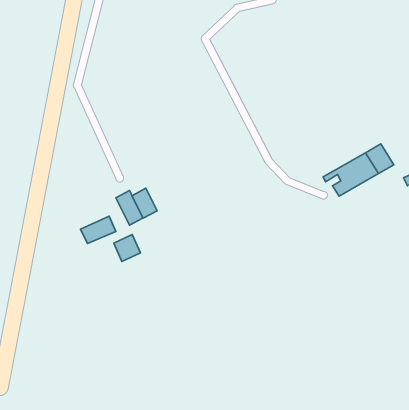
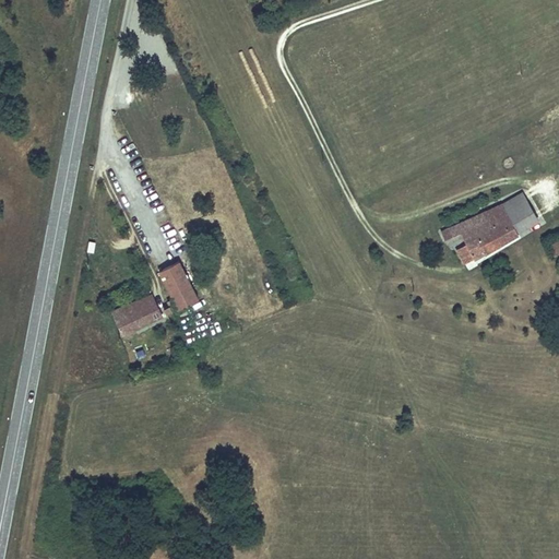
building: [132,188,157,218] -> none
building: [114,235,140,262] -> none

